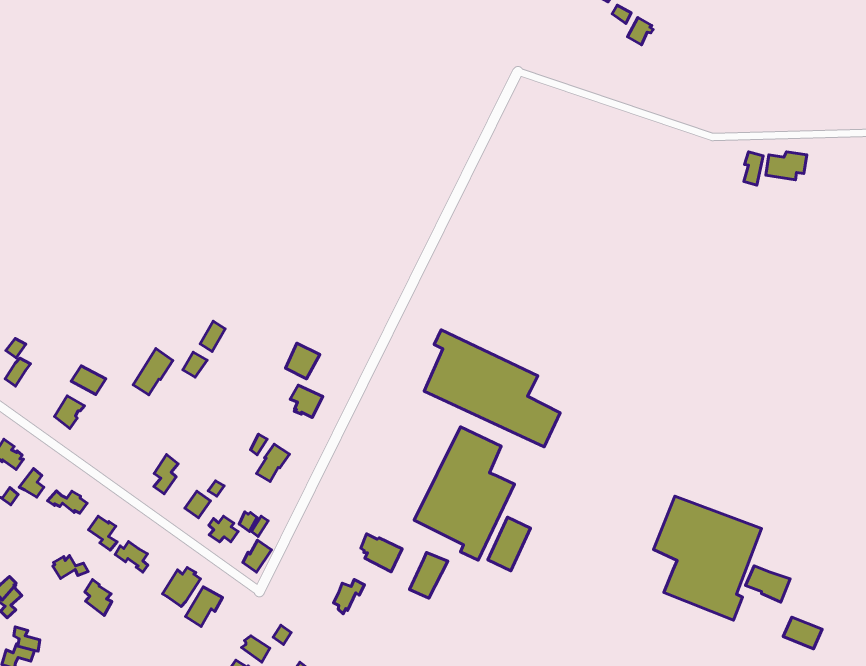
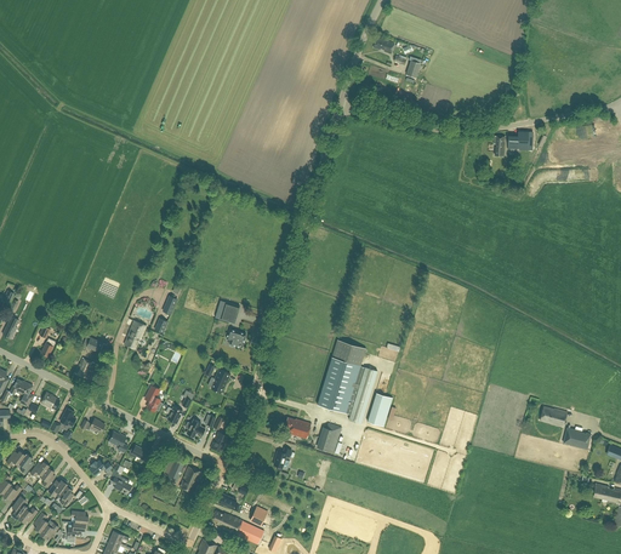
building: [424,330,560,447] -> none
building: [654,496,762,620] -> none

